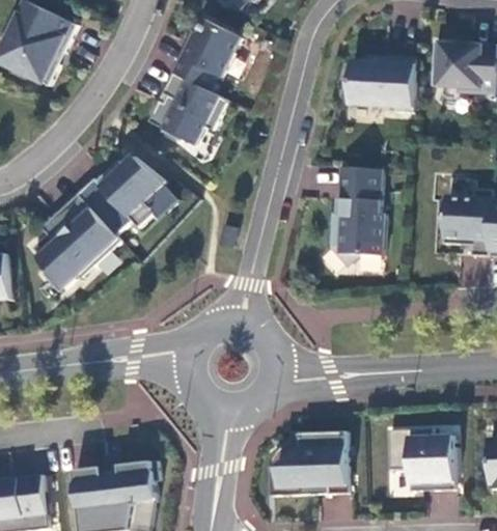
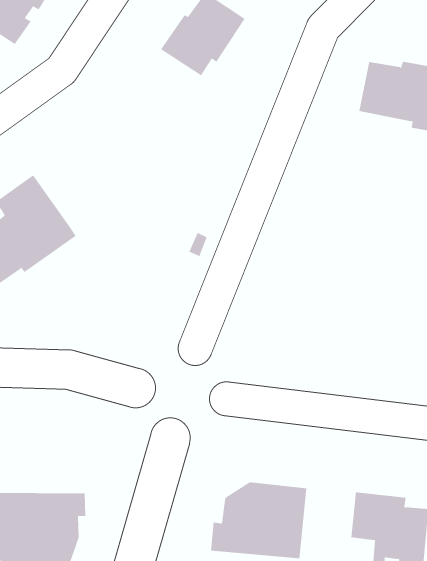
building: [148,72,228,144] -> none
building: [78,156,167,234] -> none
building: [332,166,385,261] -> none

